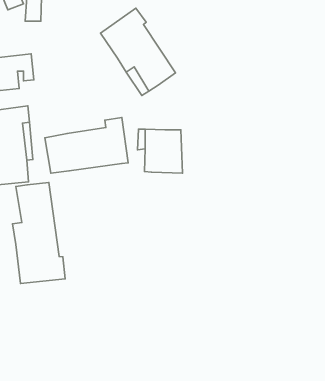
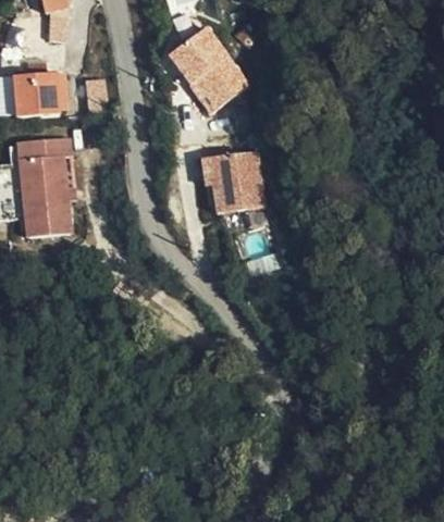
building: [45,117,128,173] -> none
building: [12,182,65,283] -> none

